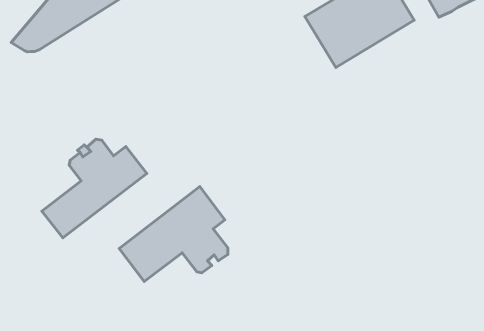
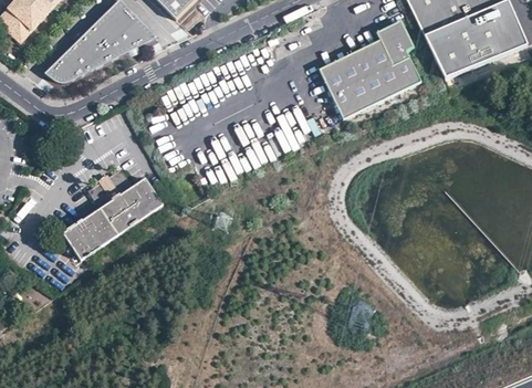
building: [119,187,228,282] -> none

